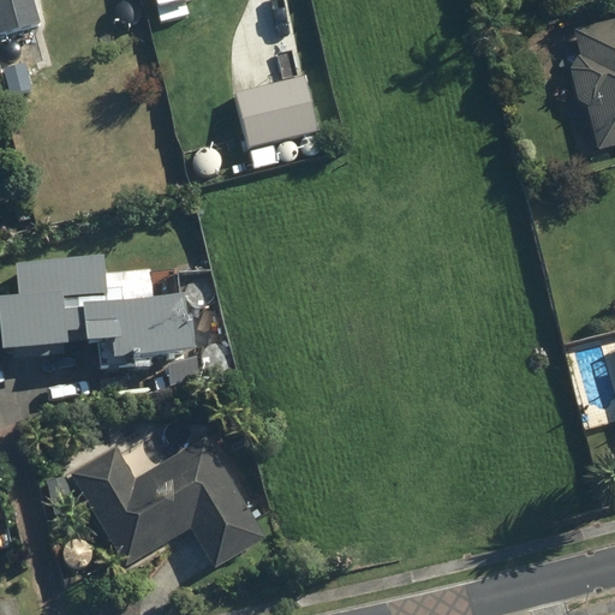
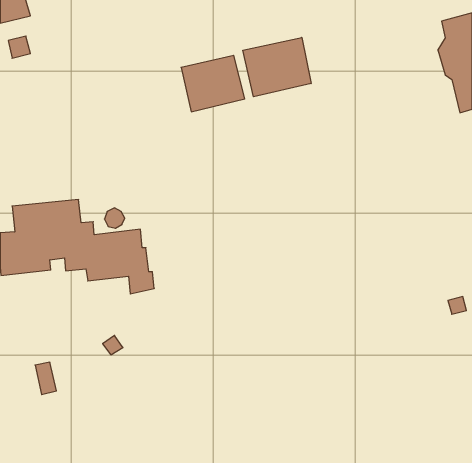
building: none -> [243,37,311,97]
building: [70,435,265,566] -> none

